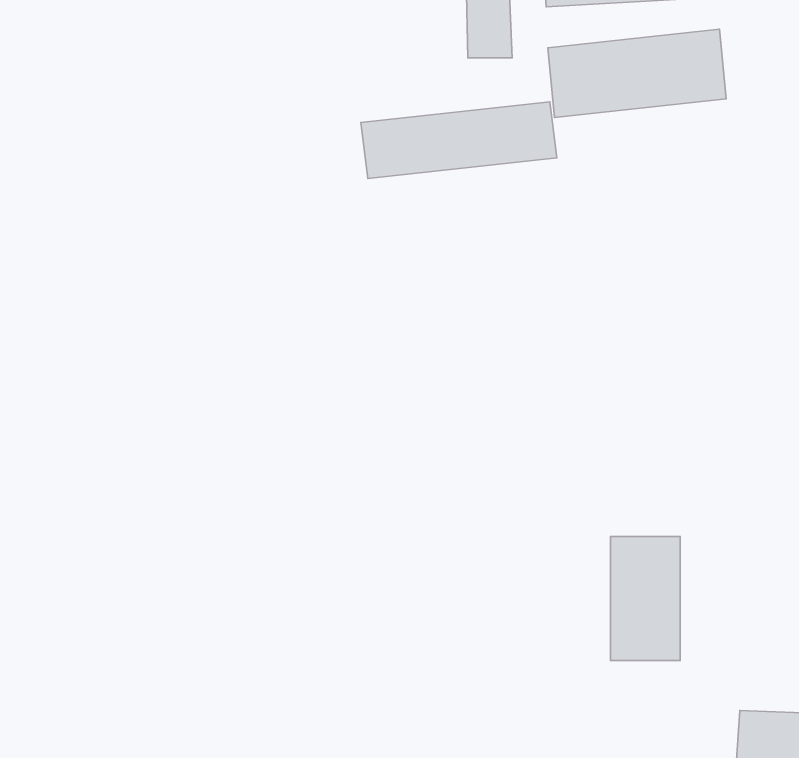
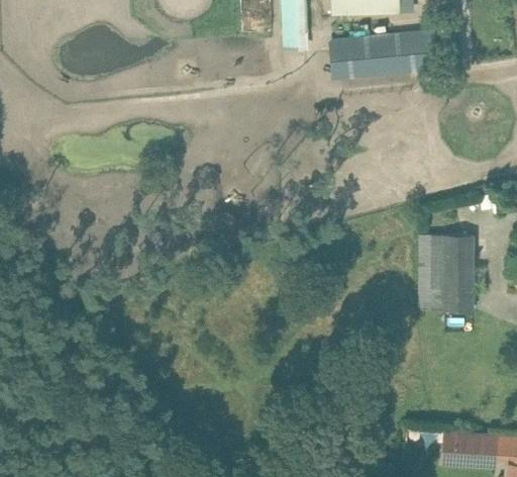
building: [361,102,557,179] -> none
building: [610,536,680,660] -> [431,236,473,310]

